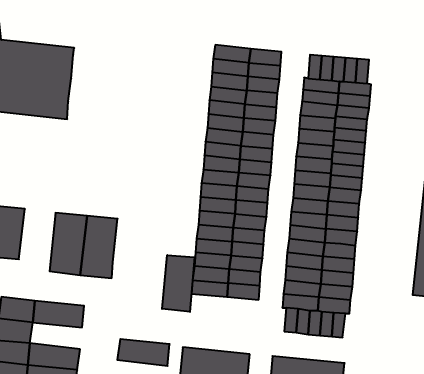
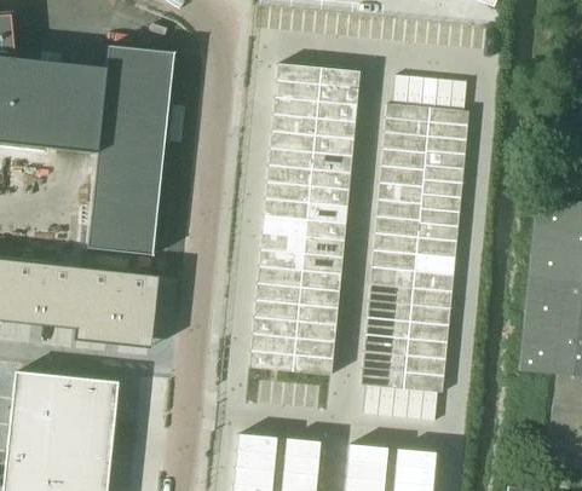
building: none -> [86,44,175,255]
building: none -> [38,262,82,339]
building: [162,255,195,312] -> none
building: [117,339,170,366] -> [51,402,115,434]

